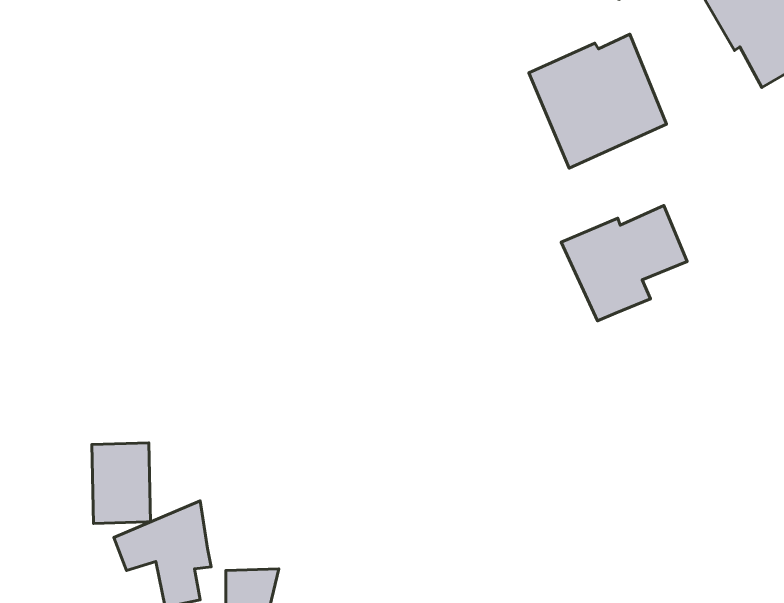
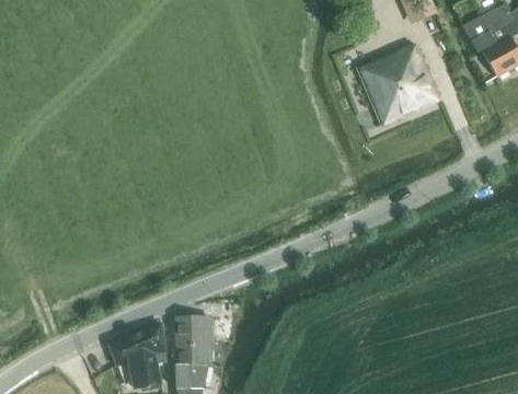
building: [561,206,687,321] -> none
building: [92,443,151,524] -> [175,317,210,366]

